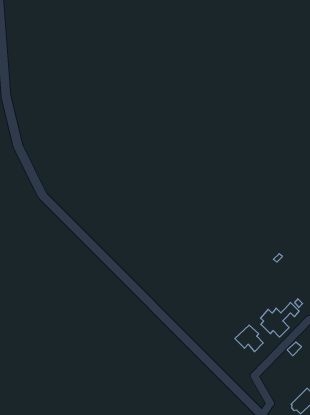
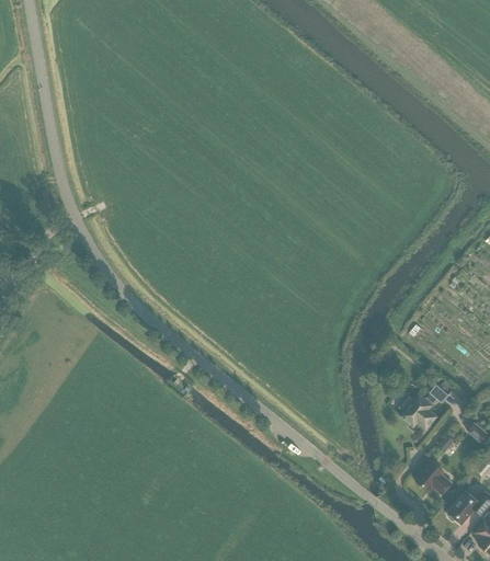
building: [235,325,263,352] -> [412,460,448,493]

